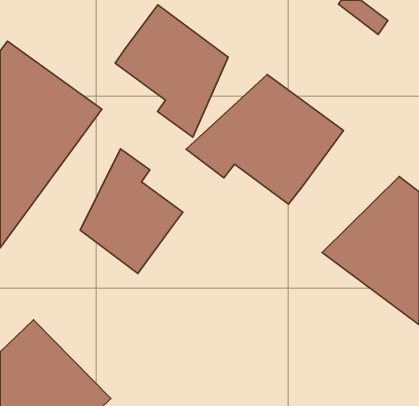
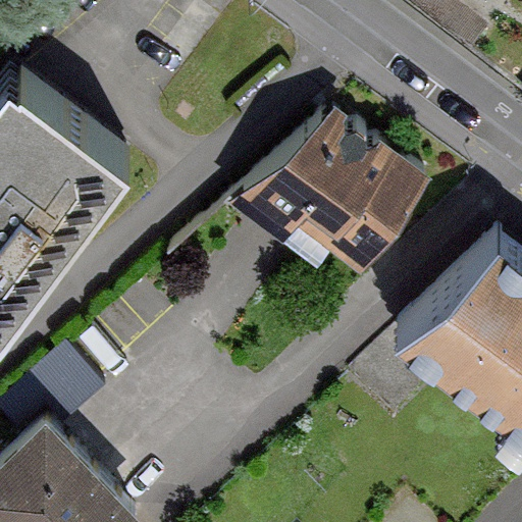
building: [115,5,228,137] -> none
building: [80,149,183,273] -> none

